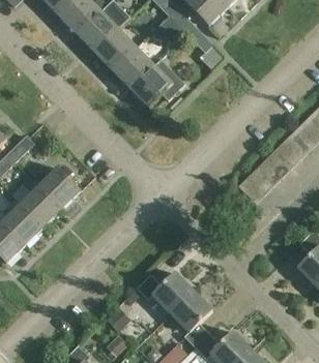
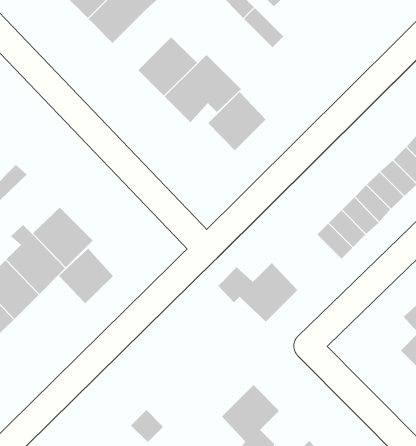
building: [93,27,135,69] -> none
building: none -> [208,91,267,151]
building: none -> [58,248,114,304]
building: [136,271,193,313] -> [218,262,298,322]

